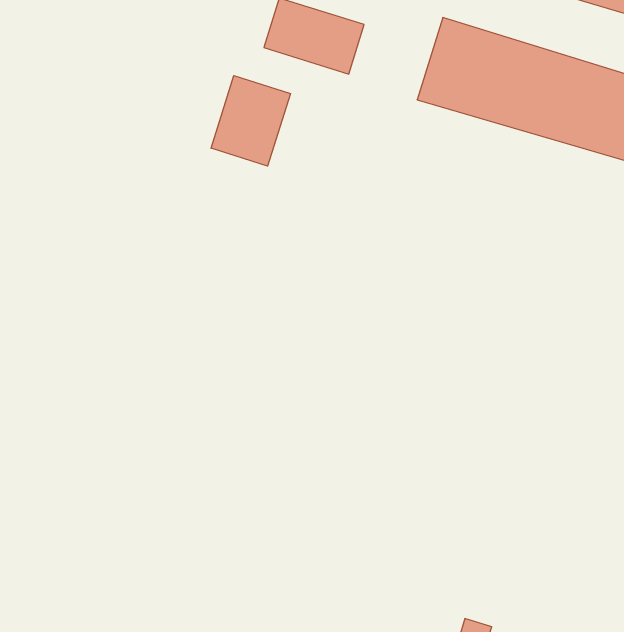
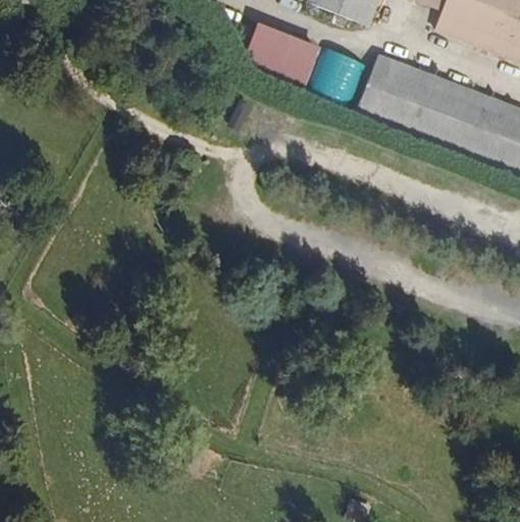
building: [211,76,290,166] -> none

